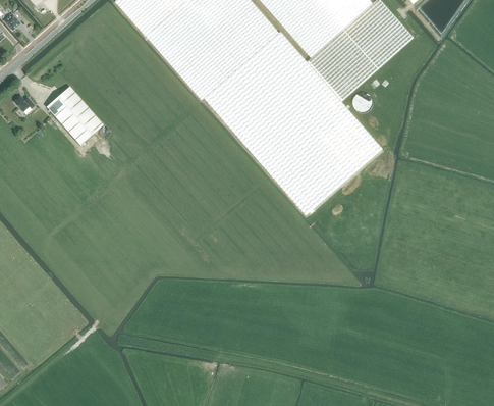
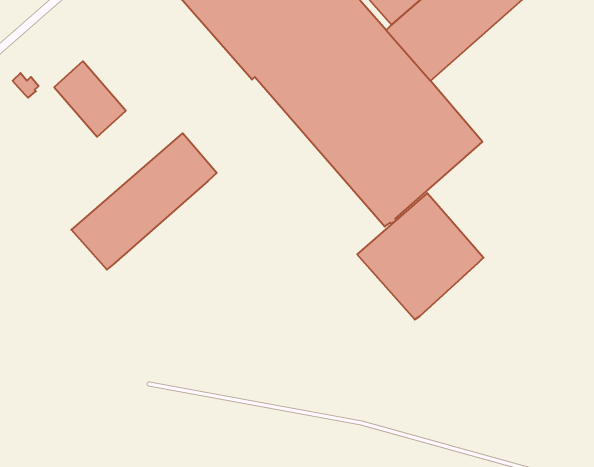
building: none -> [71,133,217,270]
building: none -> [357,193,484,320]

